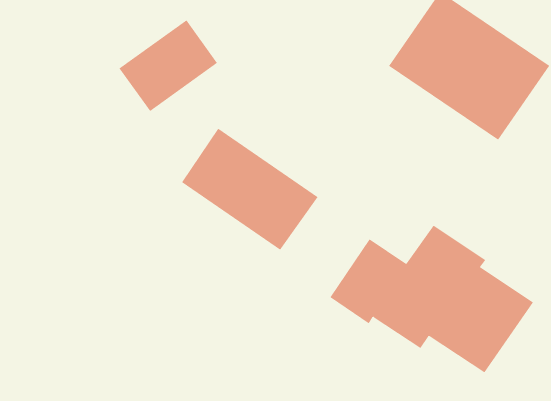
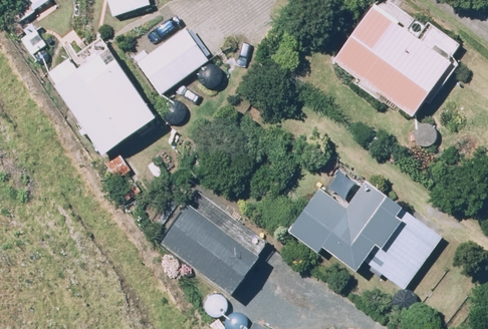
building: none -> [53,45,160,155]
building: [181,128,319,250] -> [161,205,262,295]

